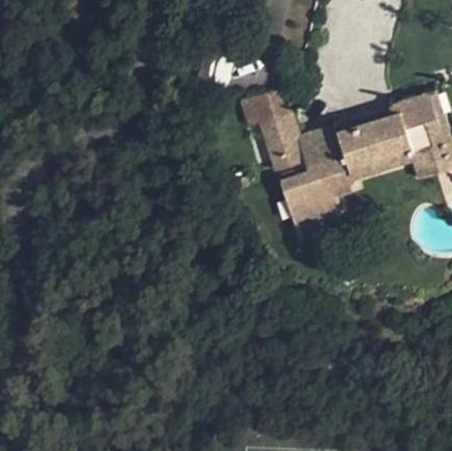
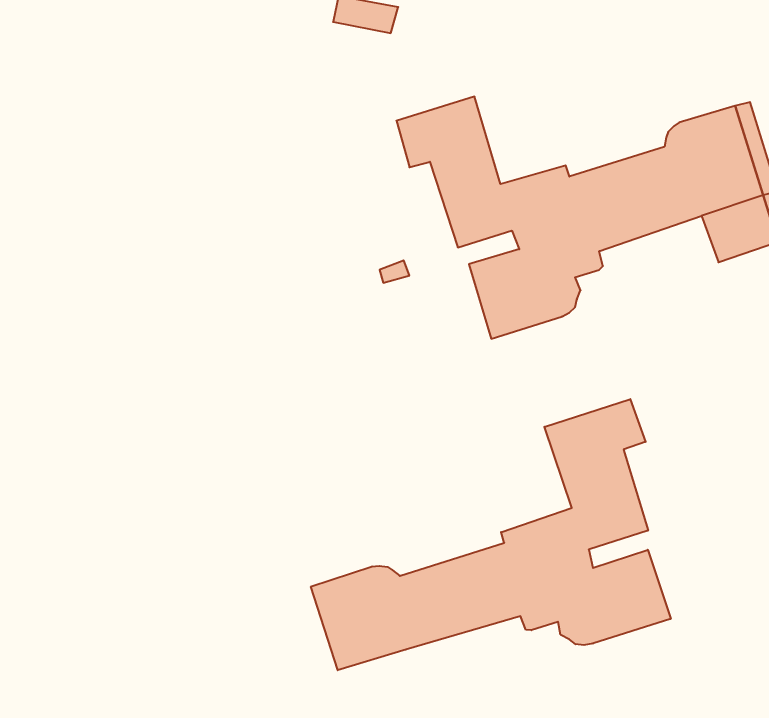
building: none -> [311,399,671,670]

